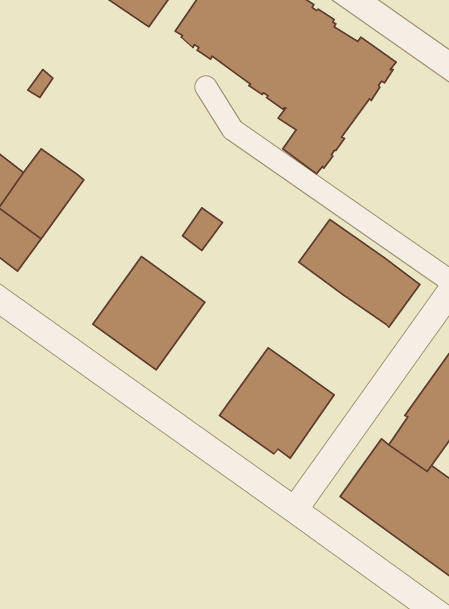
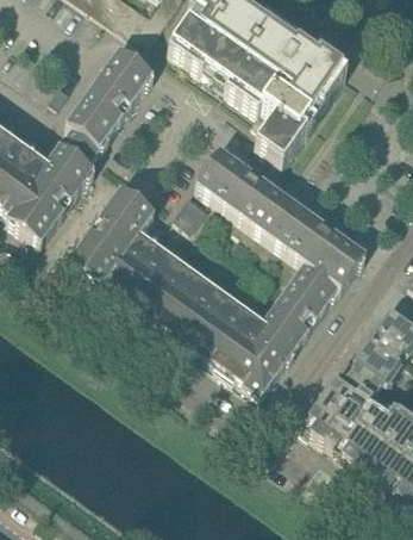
building: none -> [62,45,155,161]
building: none -> [198,145,295,232]
building: none -> [69,184,157,283]
building: none -> [265,259,340,340]
building: none -> [155,265,245,356]

